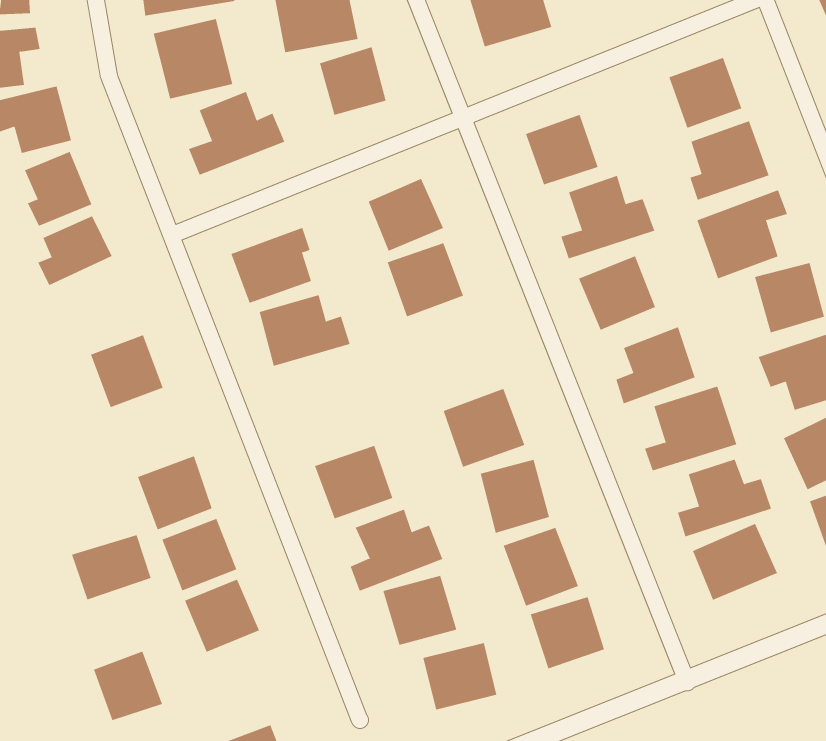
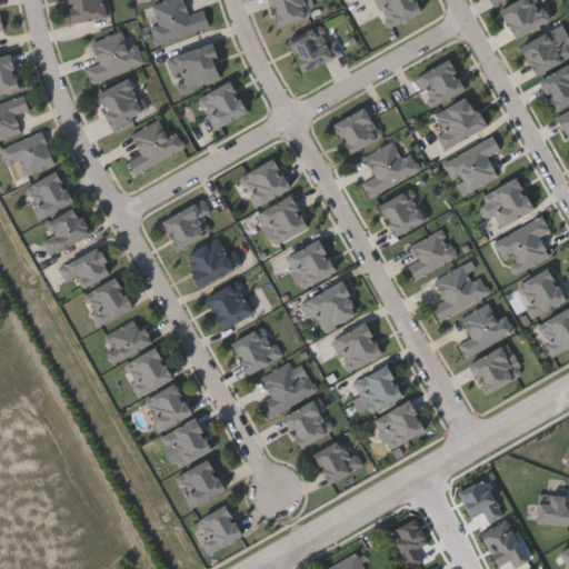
building: none -> [60,243,112,290]
building: none -> [287,239,336,288]
building: none -> [206,280,254,328]
building: [71,535,151,600] -> [101,318,152,362]
building: [93,651,163,721] -> [179,460,224,506]

